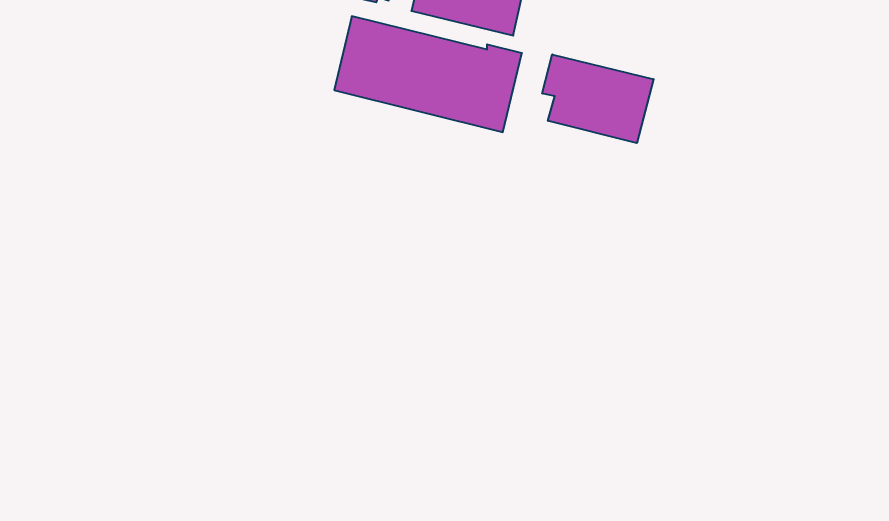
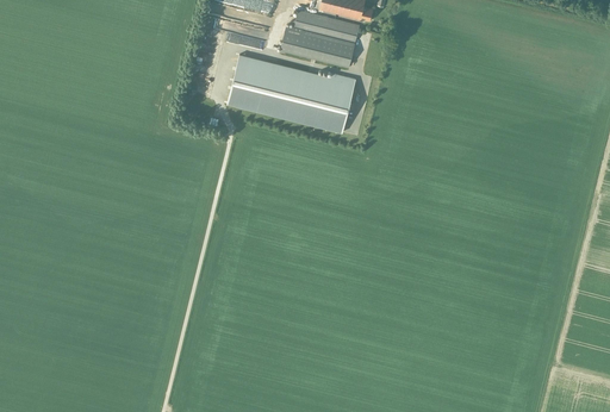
building: [542,54,654,143] -> none

